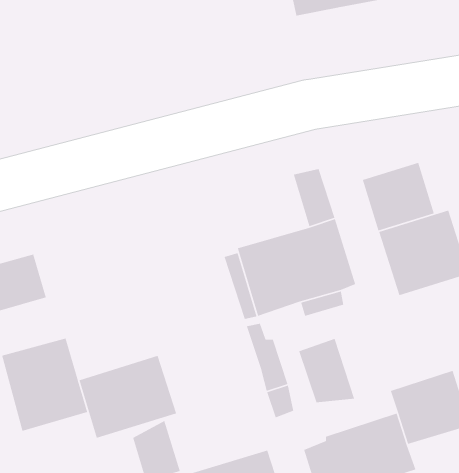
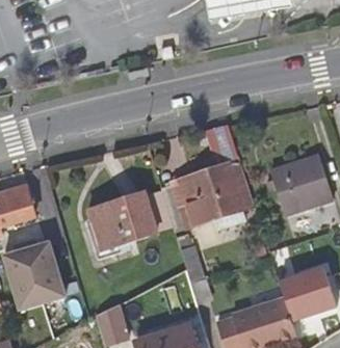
building: [362,162,435,232] -> none
building: [298,338,355,403] -> none
building: [79,355,177,439] -> [87,191,157,250]

